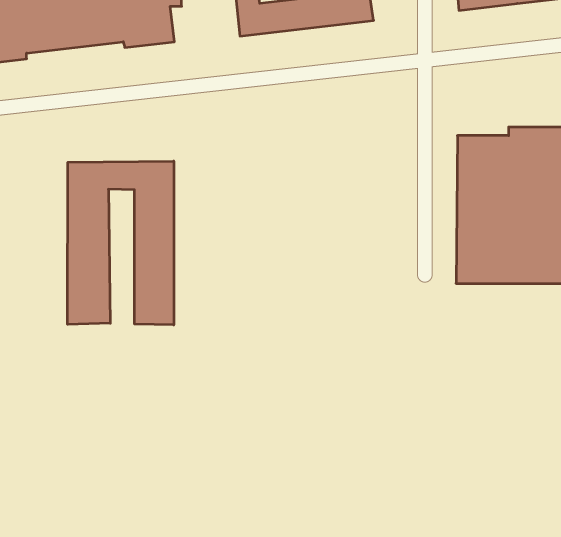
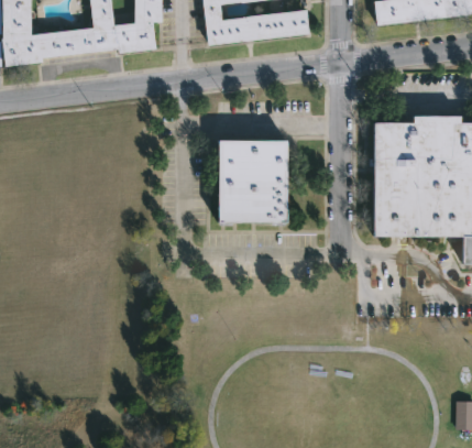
building: [68,161,174,325] -> none
building: none -> [216,142,285,218]

